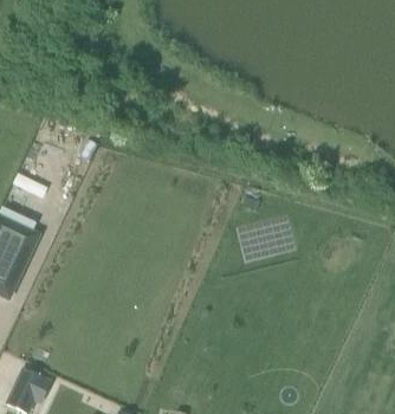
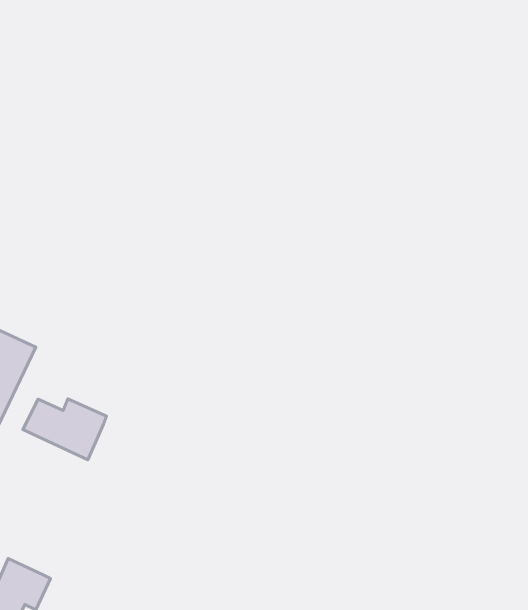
building: none -> [23,399,107,460]

